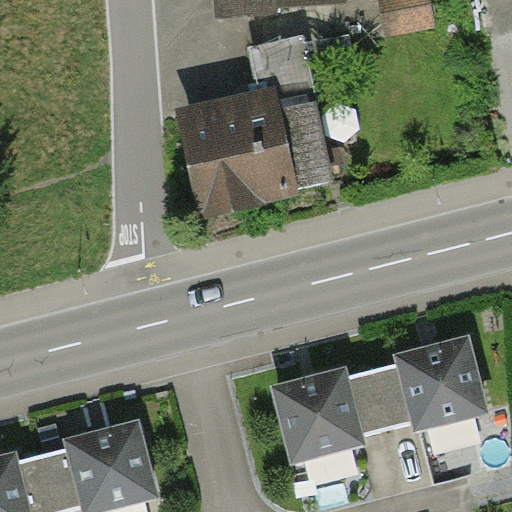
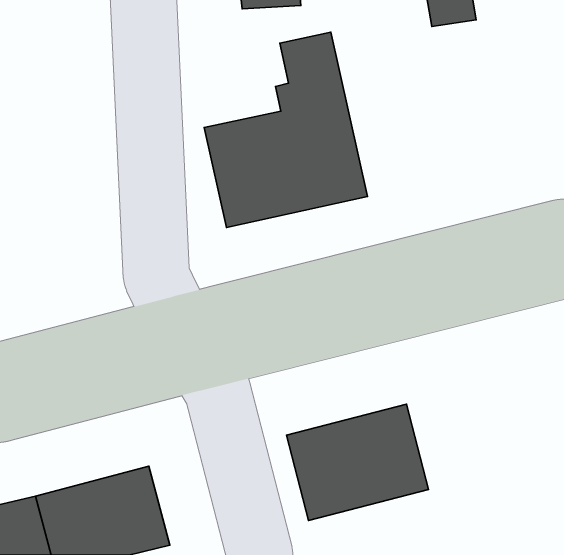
building: [366,335,494,441] -> none

